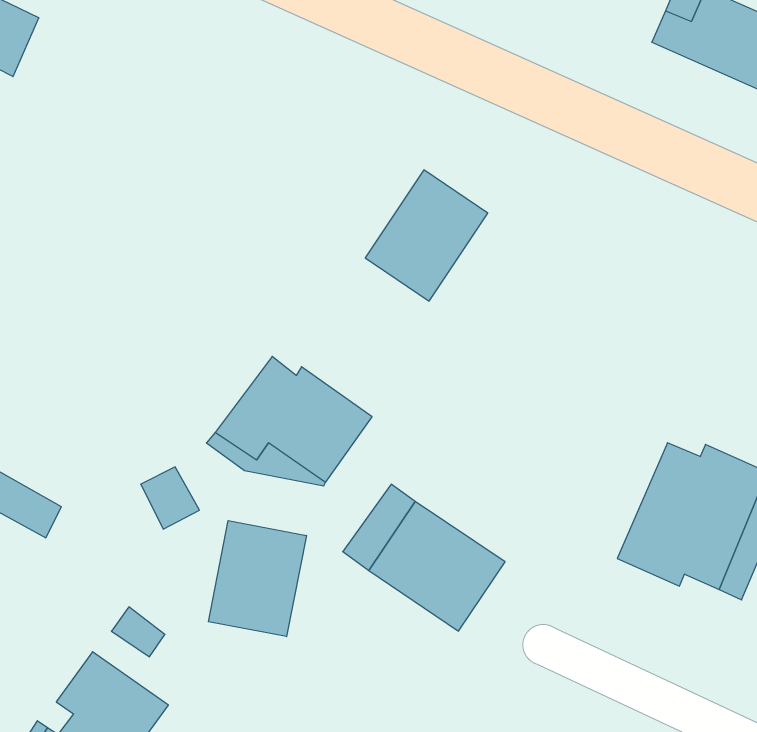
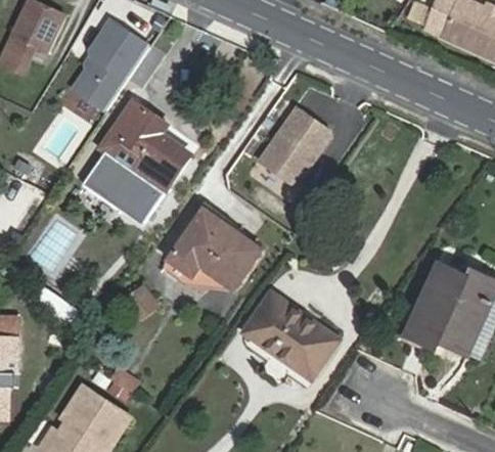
building: none -> [68,14,146,109]
building: none -> [81,97,196,225]
building: [208,521,306,637] -> none

